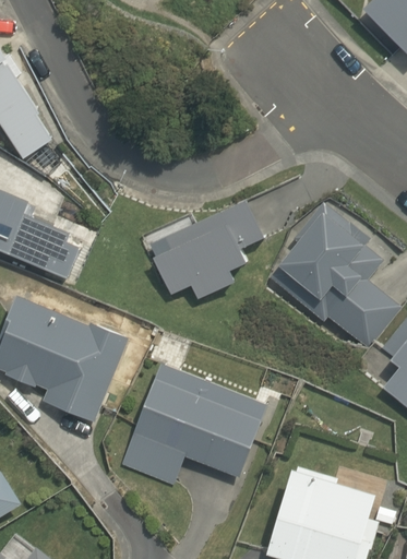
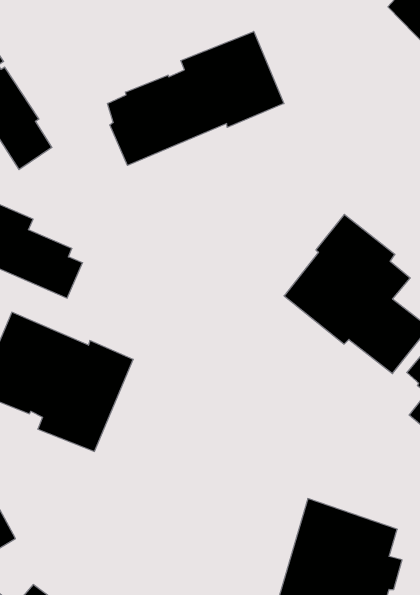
building: none -> [108,31,284,165]
building: [159,203,274,301] -> none
building: [121,364,267,486] -> none

